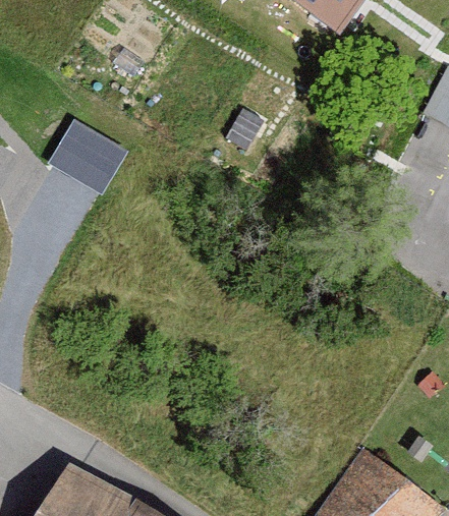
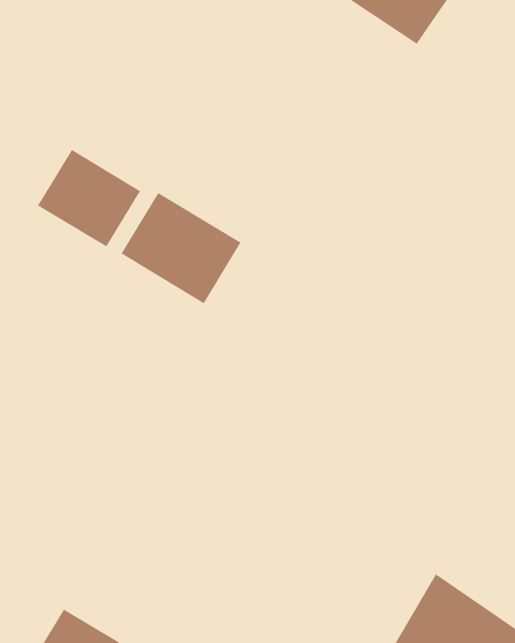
building: none -> [121,192,241,304]

